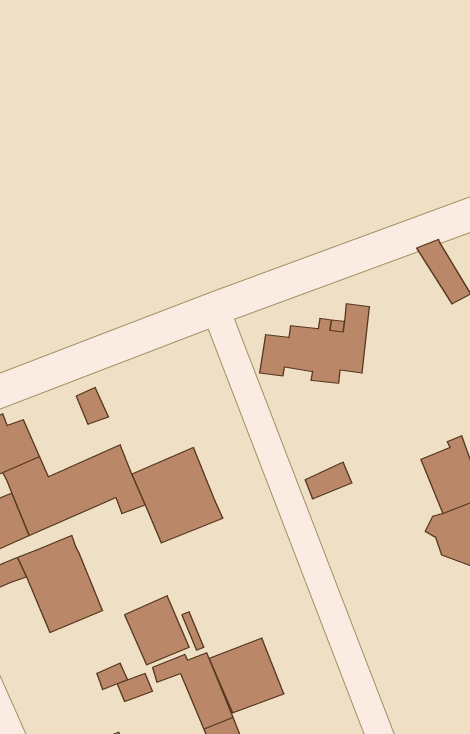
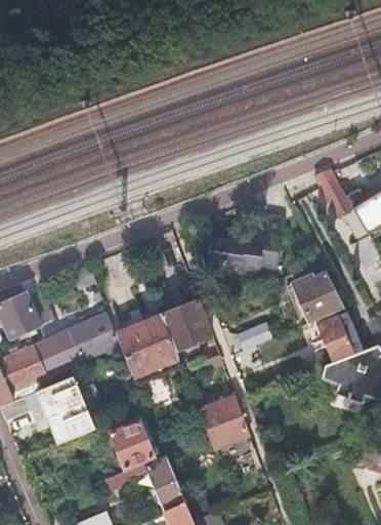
building: none -> [290,259,345,315]
building: none -> [158,299,210,351]
building: [209,638,284,713] -> [197,395,249,447]

